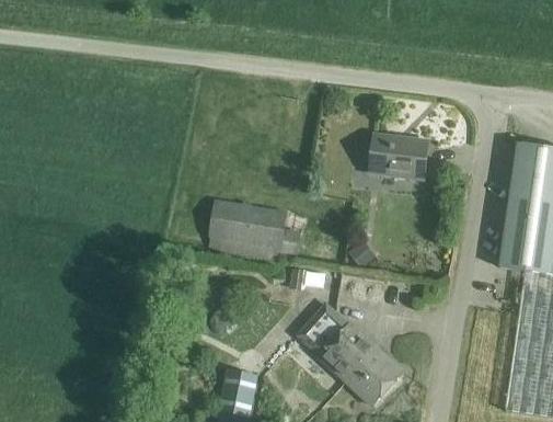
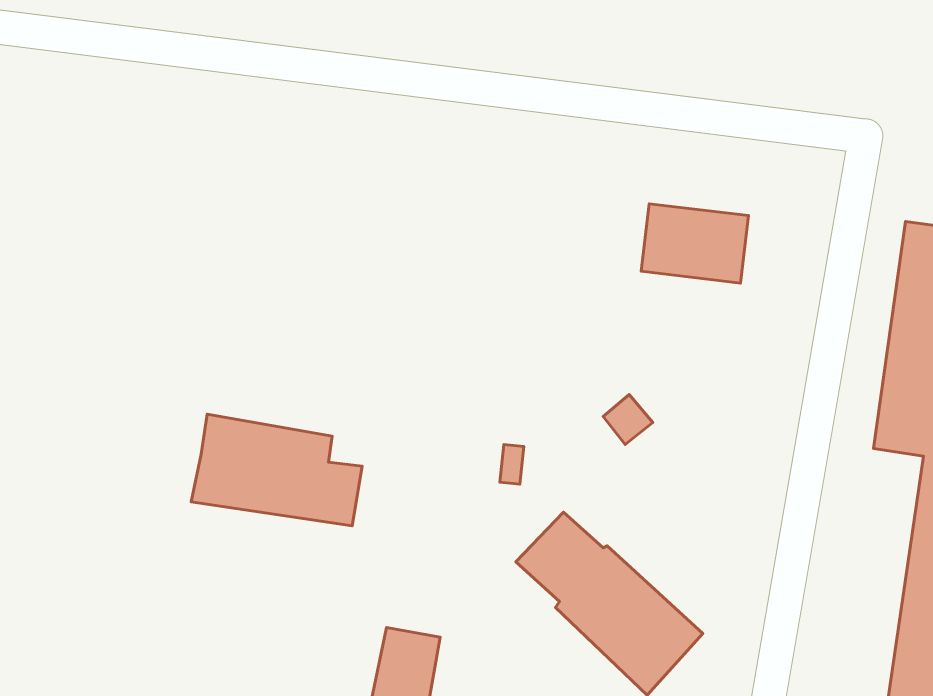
building: [208,201,302,262] -> [191,414,362,526]

